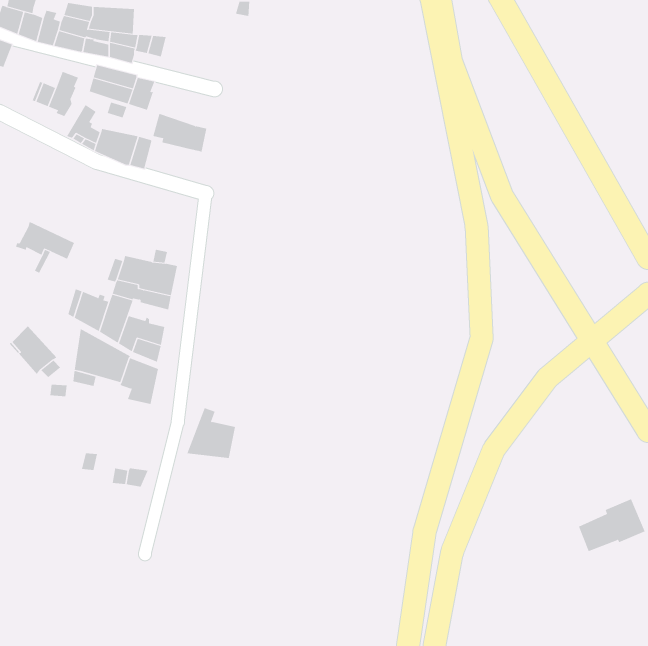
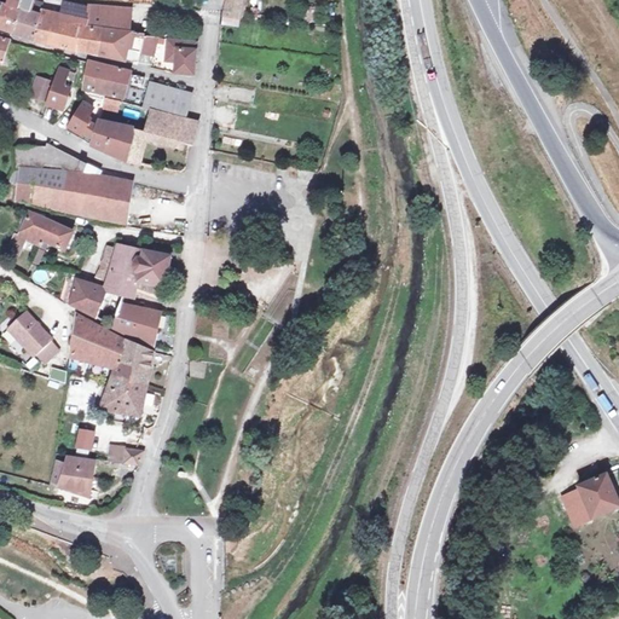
building: none -> [167,36,197,73]
building: none -> [144,82,192,120]
building: none -> [10,141,131,221]
building: [186,408,236,458] -> [97,366,144,415]
building: none -> [48,456,92,493]

